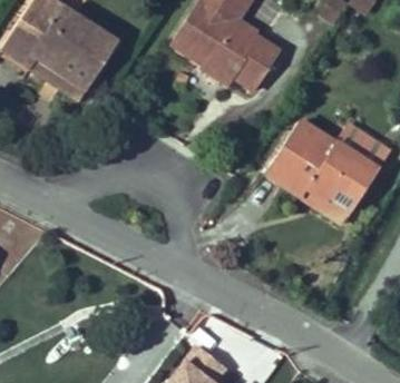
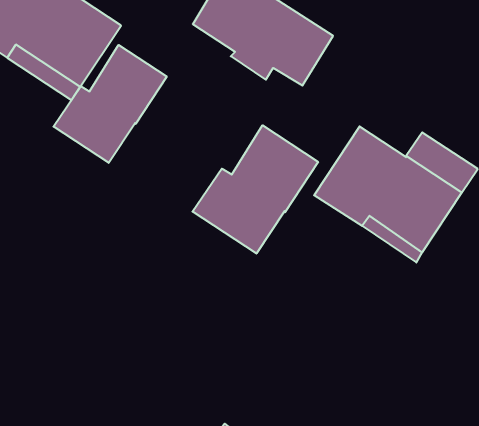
building: none -> [53,45,167,163]
building: none -> [192,125,318,254]

